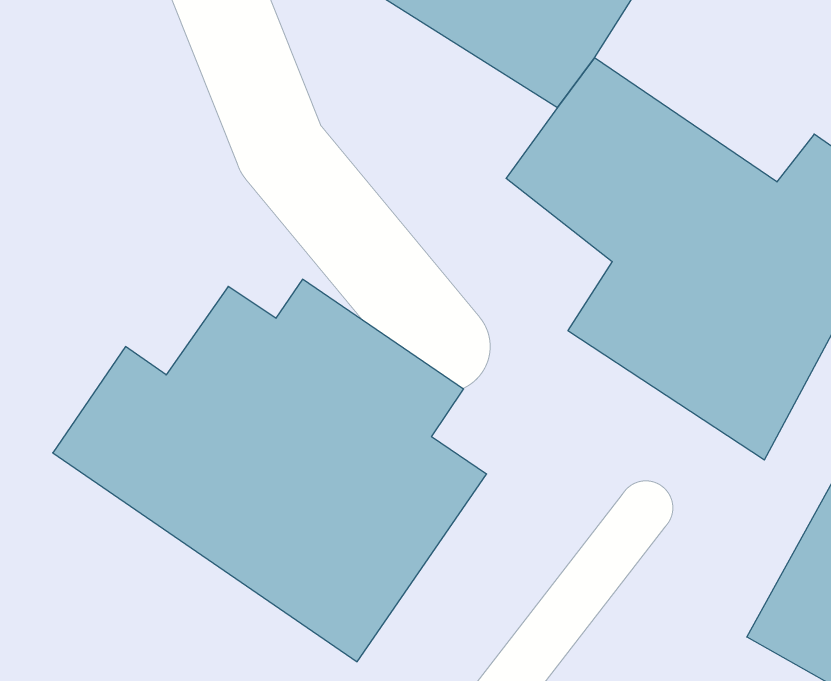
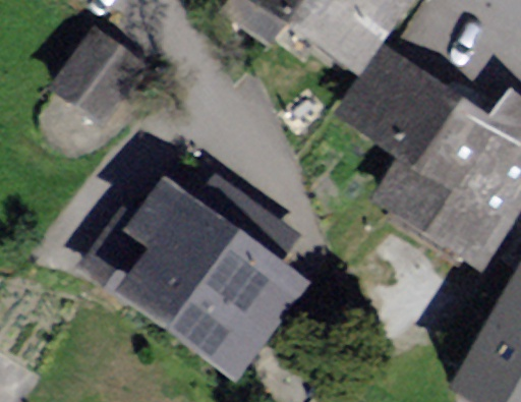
building: none -> [52,17,151,121]

